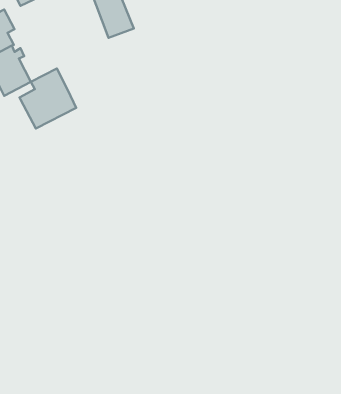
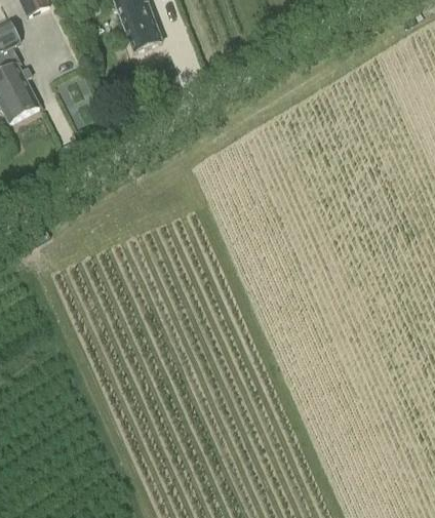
building: [20,69,76,128] -> none

